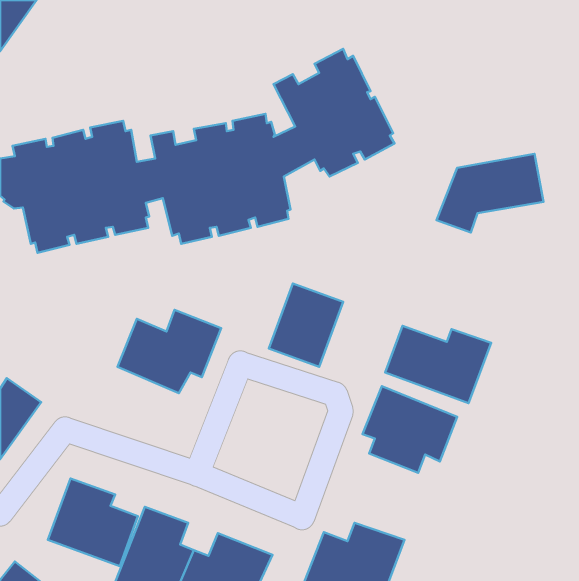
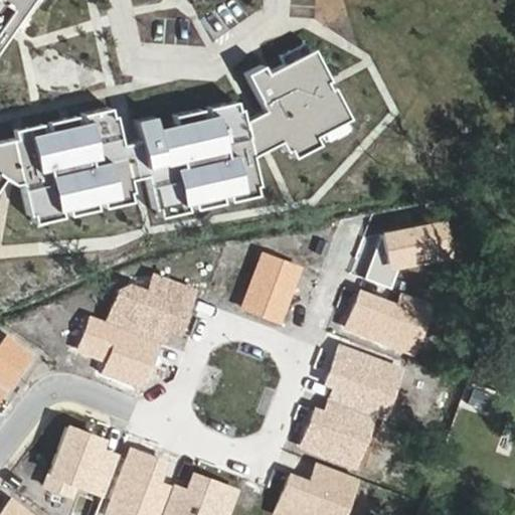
building: [436,154,544,233] -> [363,219,458,289]
building: none -> [79,319,161,392]
building: none -> [296,401,379,476]

